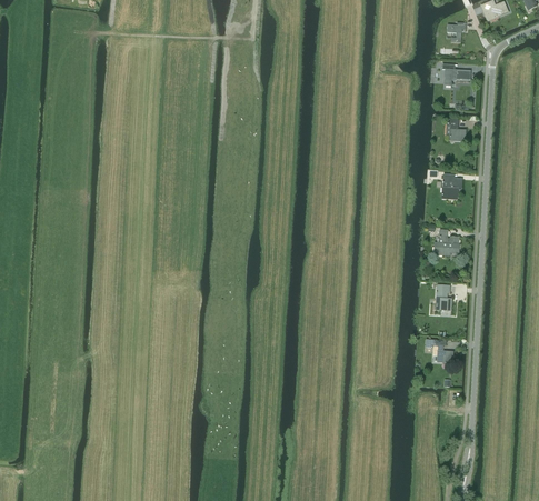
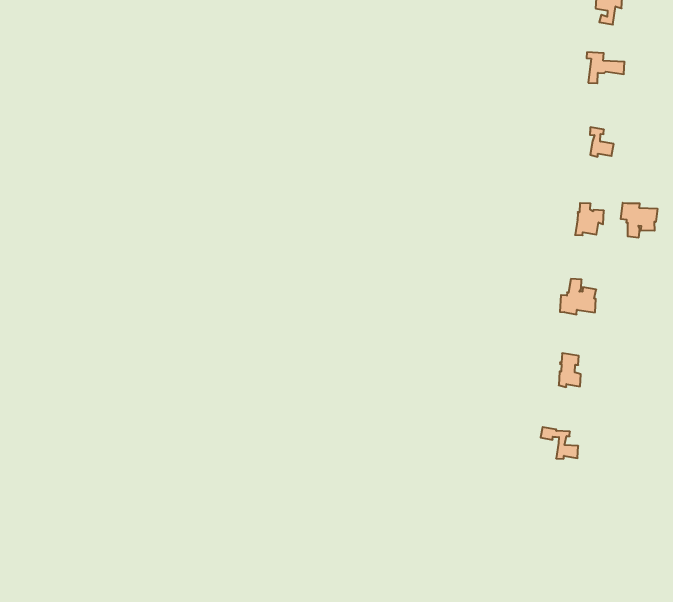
building: none -> [621,203,657,238]

